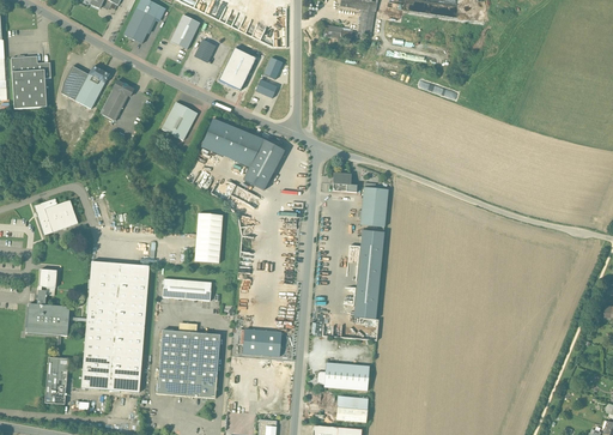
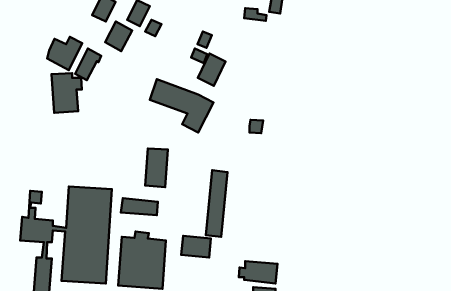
building: [219,48,256,91] -> [198,53,226,86]
building: [11,56,51,109] -> [51,73,82,113]
building: [163,101,199,140] -> [105,21,132,51]
building: [360,187,388,226] -> none
building: [32,198,79,237] -> none
building: [354,230,383,319] -> [206,170,227,237]

